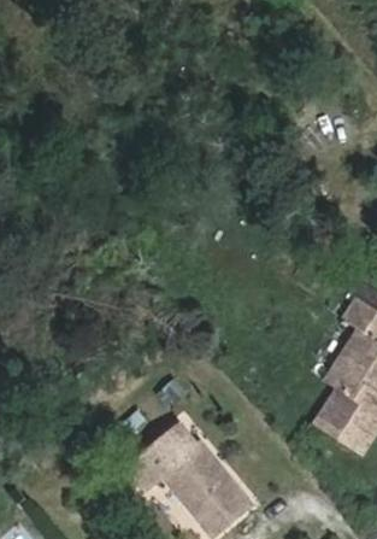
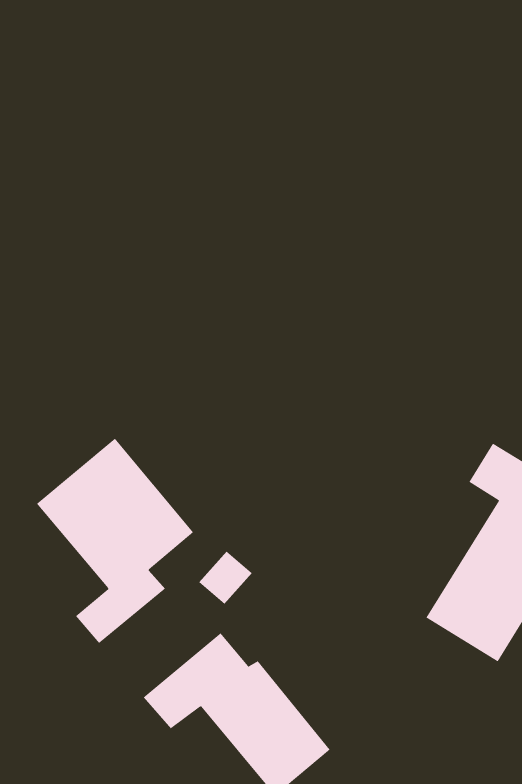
building: none -> [36,438,194,644]

